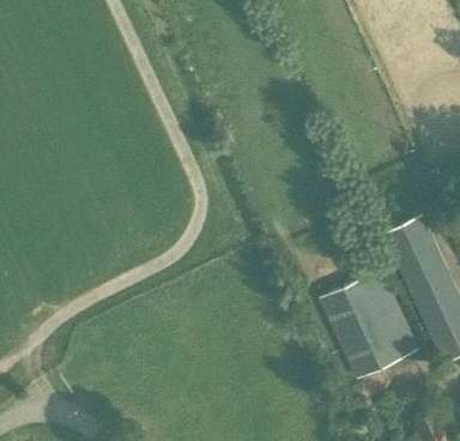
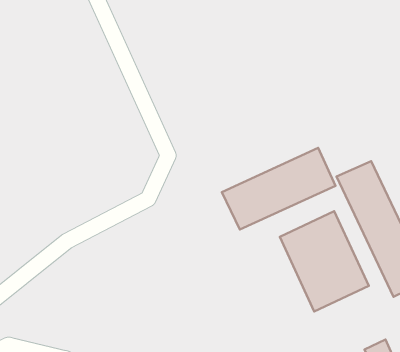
building: none -> [222,148,336,230]

